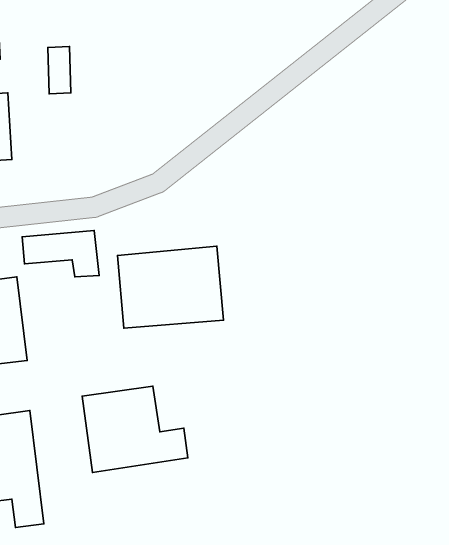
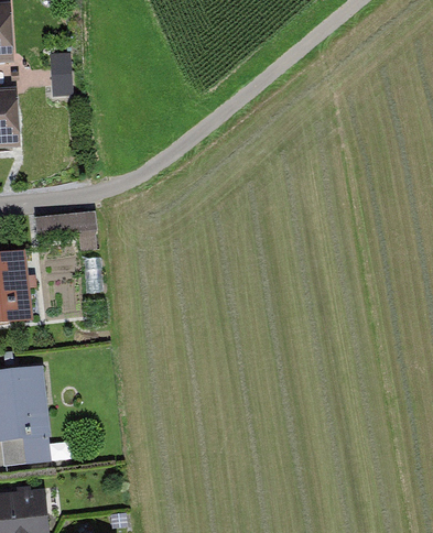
building: [118,246,224,328] -> none
building: [82,386,188,473] -> none

